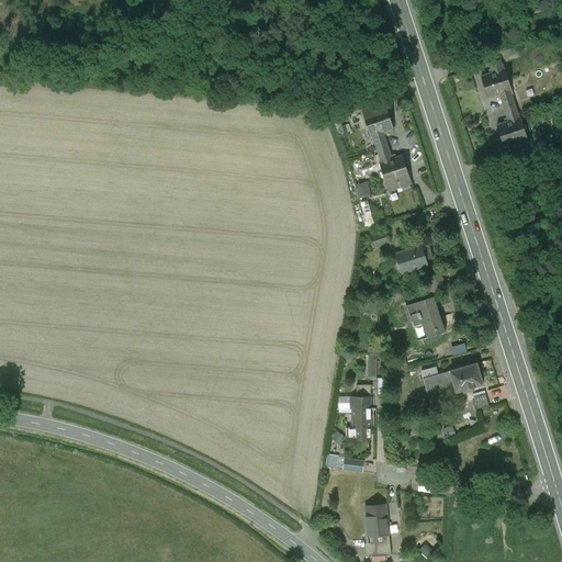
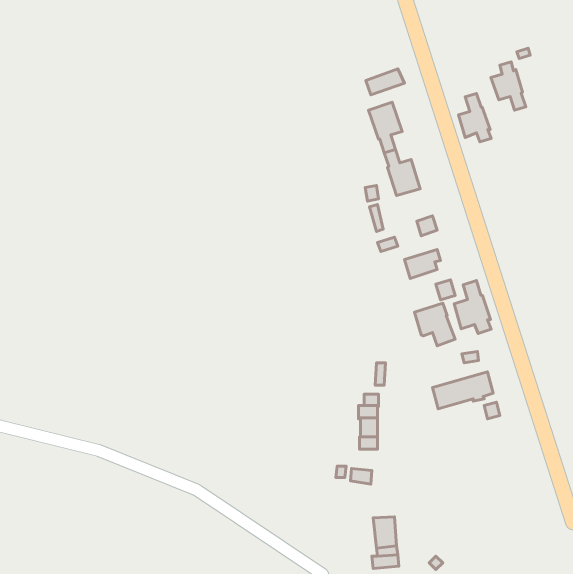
building: none -> [366,69,405,95]
building: [496,104,528,151] -> [459,94,491,142]
building: none -> [454,280,491,334]

